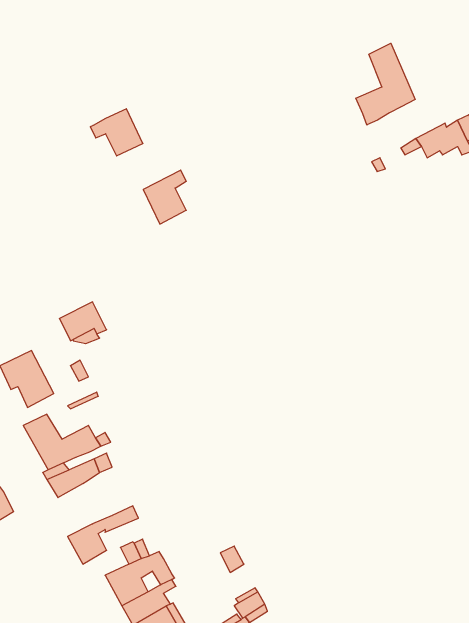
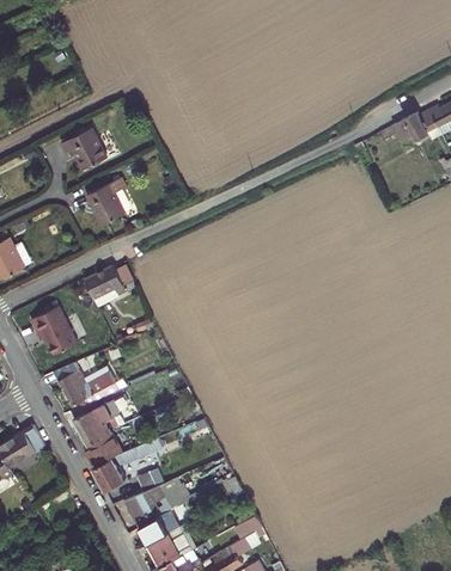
building: [356,43,415,125] -> none
building: [90,109,143,156] -> [60,128,105,168]
building: [143,170,186,224] -> [86,178,123,225]
building: none -> [83,422,129,466]

